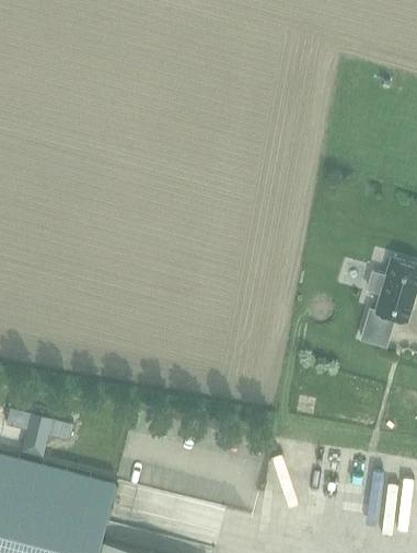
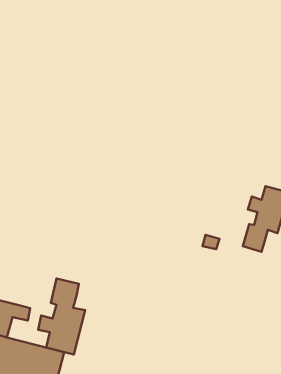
building: none -> [38,279,85,355]

